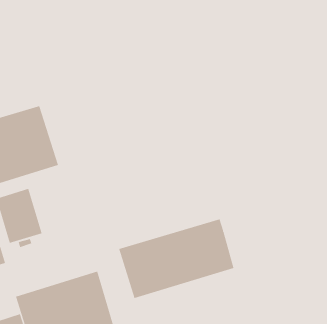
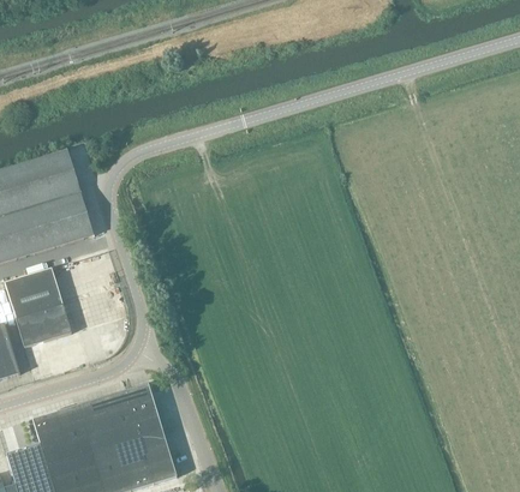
building: [119,218,234,299] -> none

